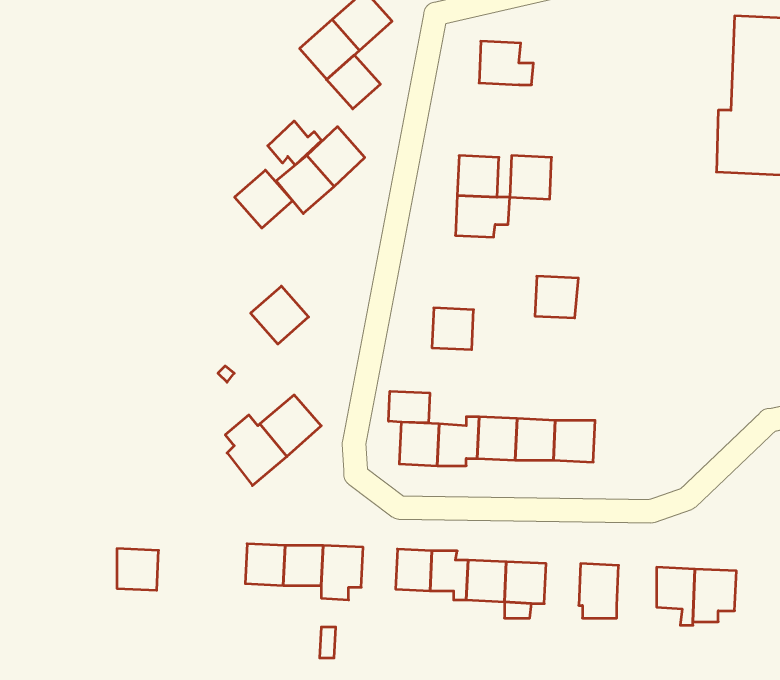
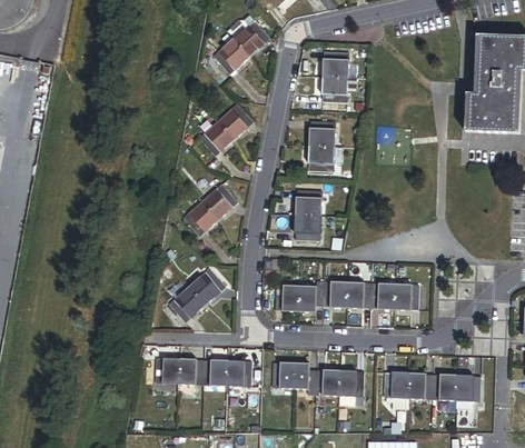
building: [326,55,380,109] -> none
building: [268,121,322,165] -> none
building: [510,156,552,199] -> [321,76,347,102]
building: [235,170,293,228] -> [201,183,237,219]
building: [535,276,578,318] -> [295,189,321,215]
building: [389,391,430,423] -> none
building: none -> [393,282,418,309]
building: [117,549,159,590] -> [155,357,180,382]
building: none -> [407,371,432,397]

